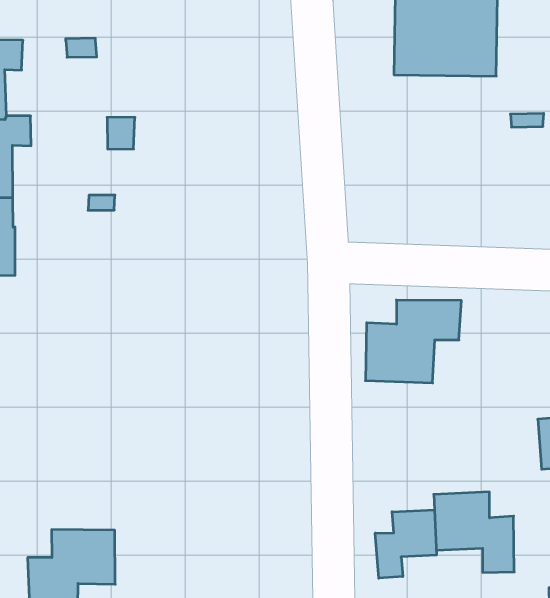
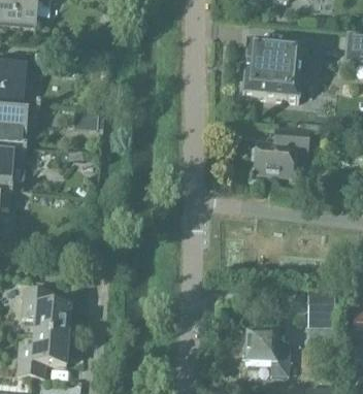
building: [365,300,461,383] -> [254,128,310,175]
building: none -> [22,288,71,334]
building: [375,510,436,578] -> none

